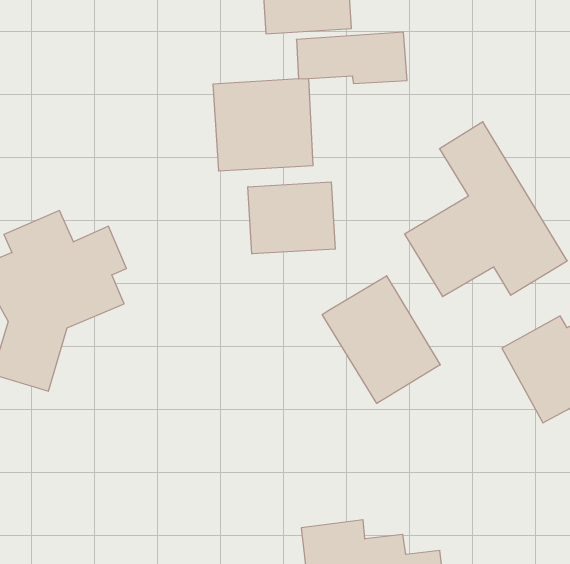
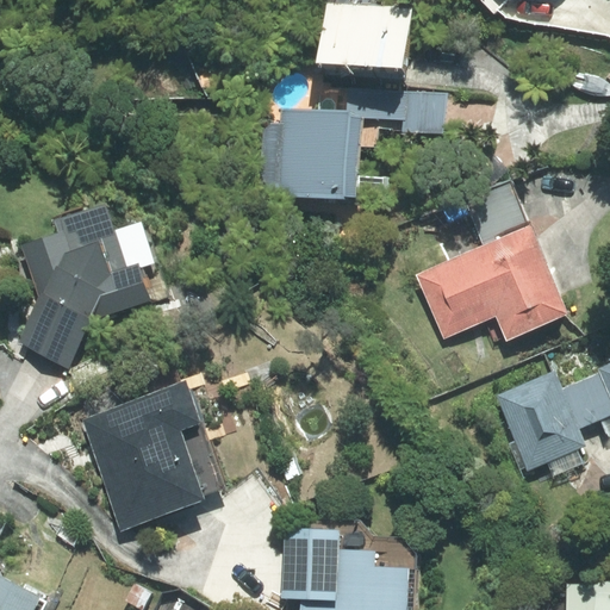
building: [248,182,335,254] -> none
building: [322,276,440,403] -> none
building: none -> [82,384,223,531]

